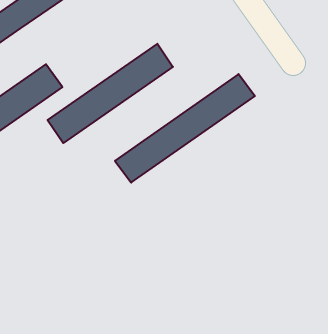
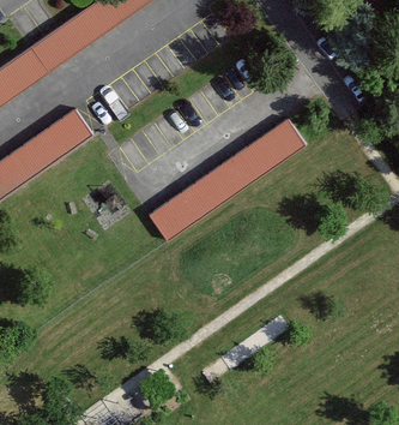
building: [48,44,173,143] -> none

